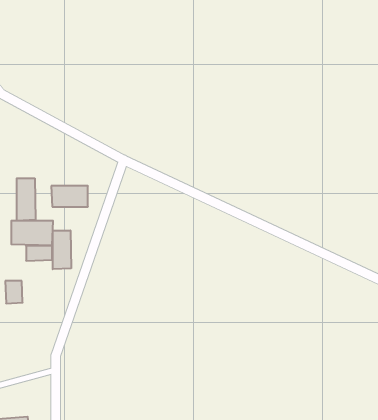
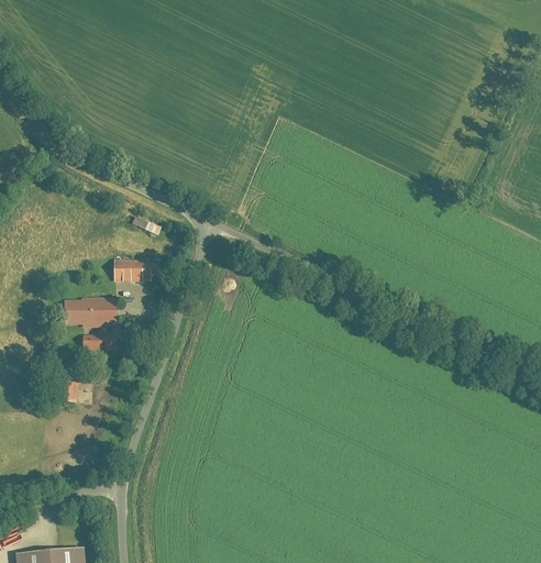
building: [17,178,35,221] -> none
building: [53,230,71,269] -> none

